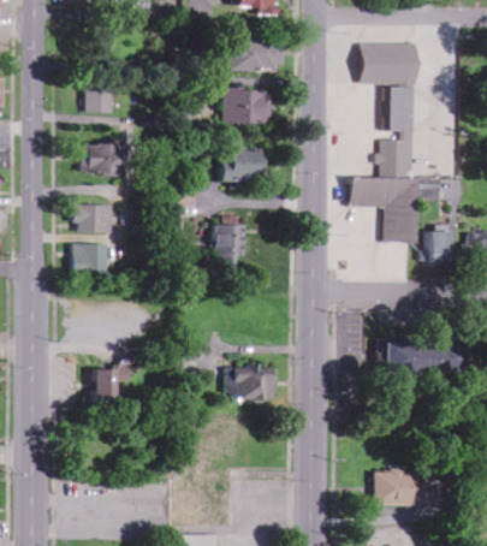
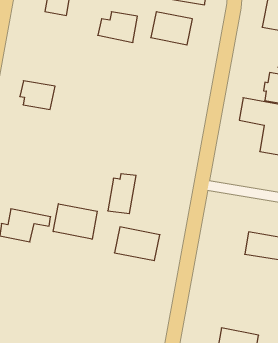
building: [82,142,124,173] -> none
building: [219,148,265,182] -> [98,12,137,42]
building: [215,216,243,267] -> [108,174,136,214]
building: [70,244,107,278] -> none
building: none -> [53,204,97,239]

